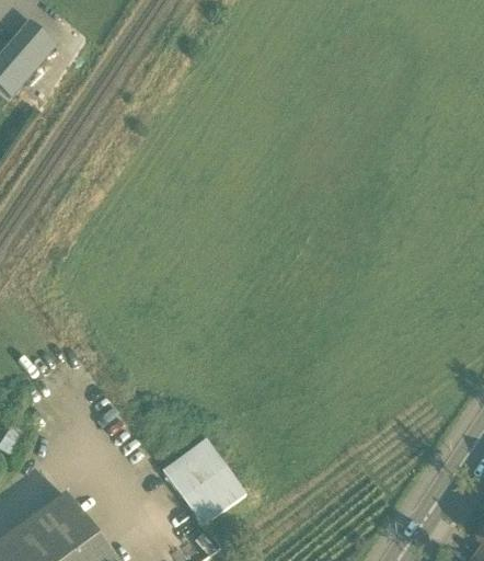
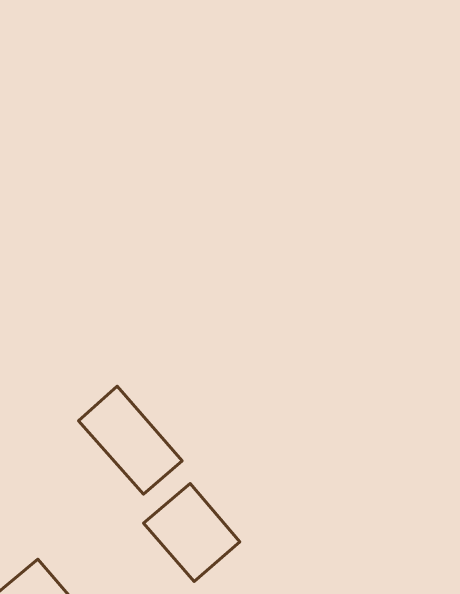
building: none -> [79,386,182,494]

